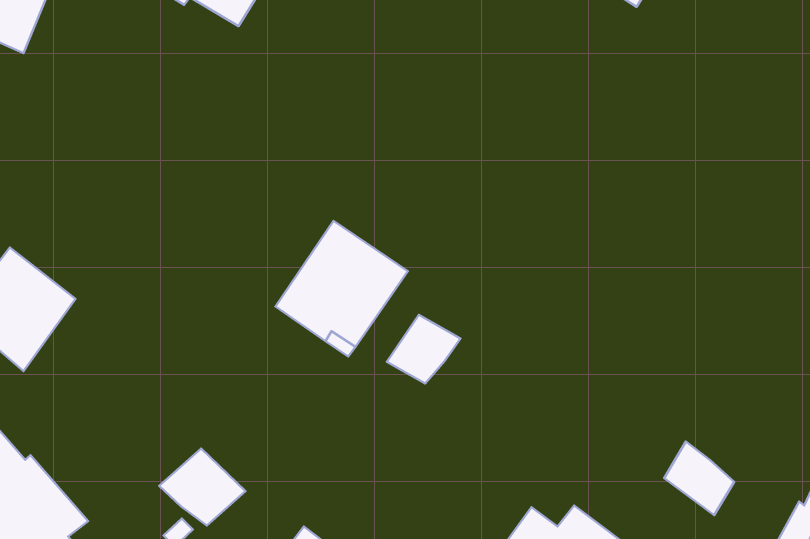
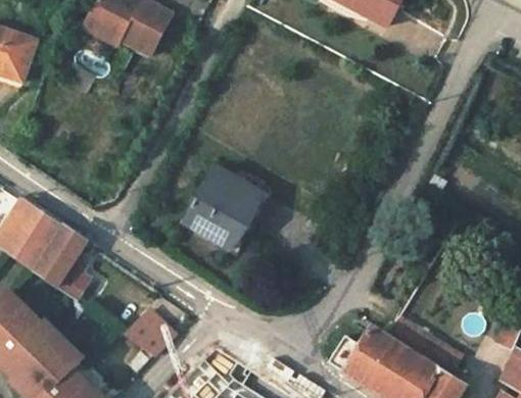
building: none -> [37,227,90,301]
building: [387,315,460,383] -> none
building: [664,441,734,515] -> none

